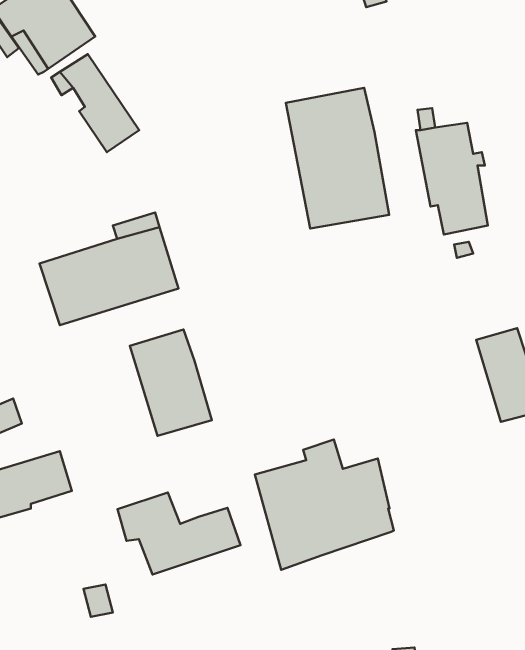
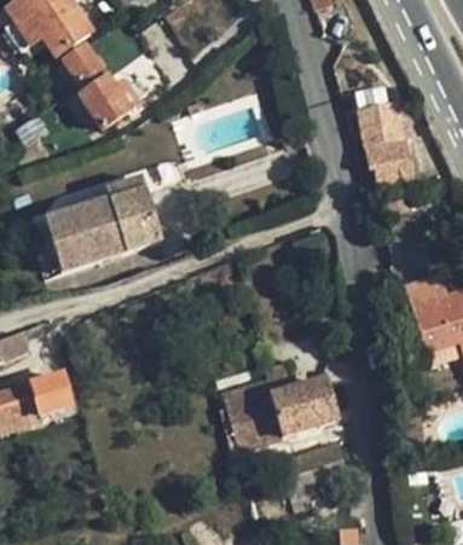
building: [286,88,389,228] -> none
building: [130,329,212,436] -> none
building: [117,493,241,574] -> none

